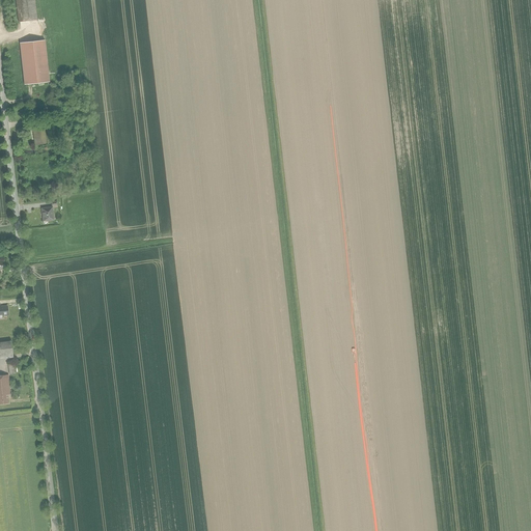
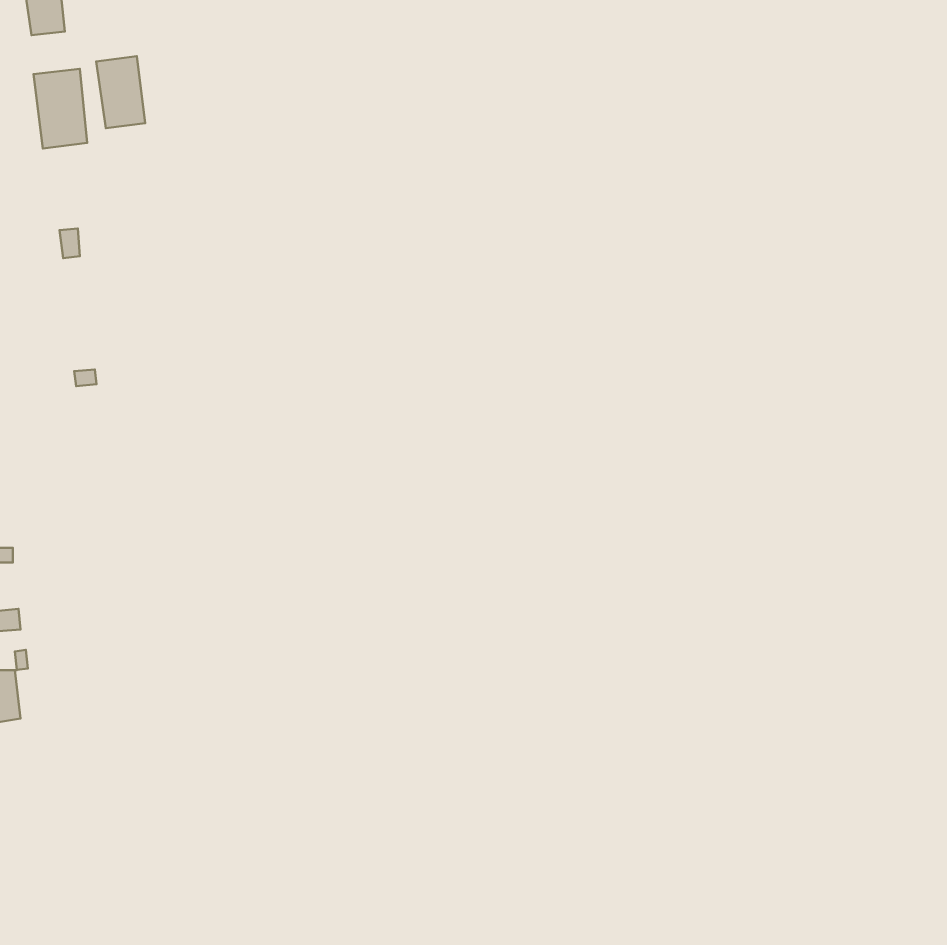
building: none -> [96,56,145,128]

